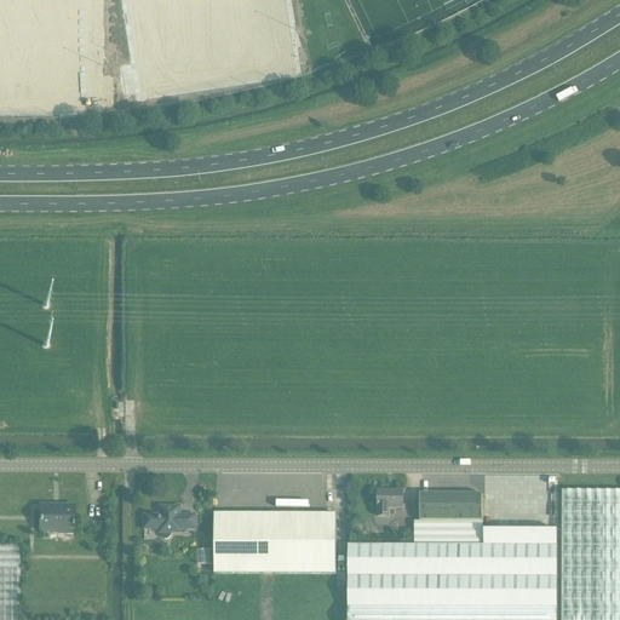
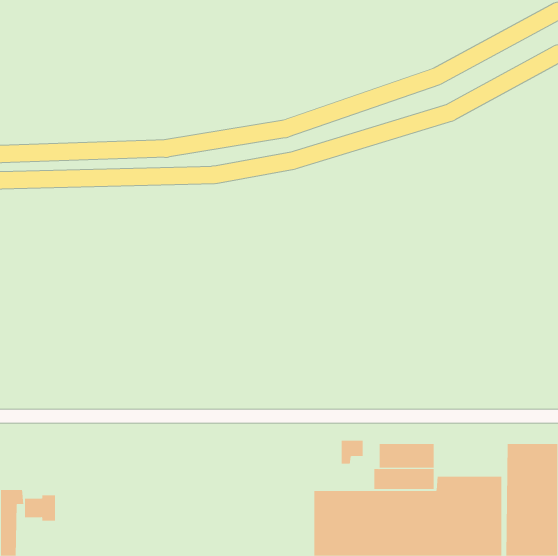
building: [40,504,75,533] -> [24,495,56,521]
building: [145,505,197,538] -> none
building: [213,511,337,572] -> none

